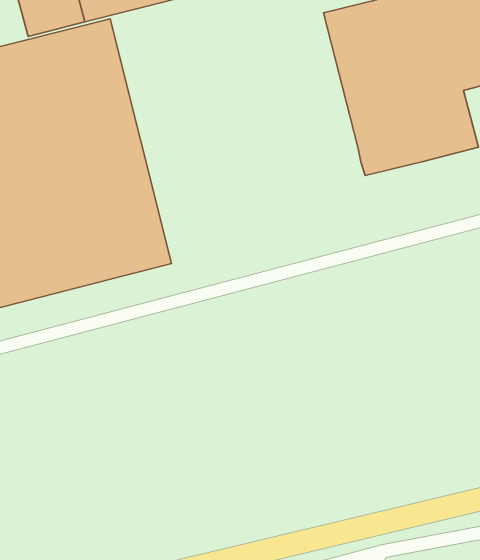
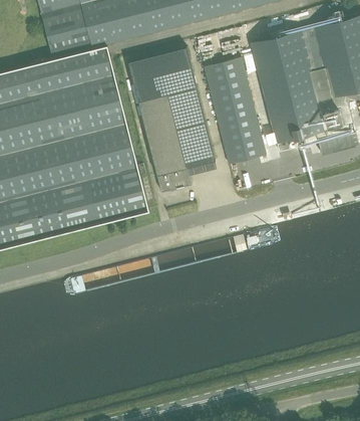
building: none -> [126,45,214,191]
building: none -> [203,56,265,163]

